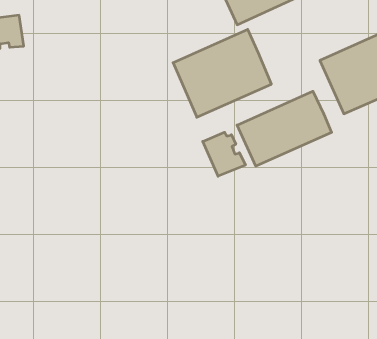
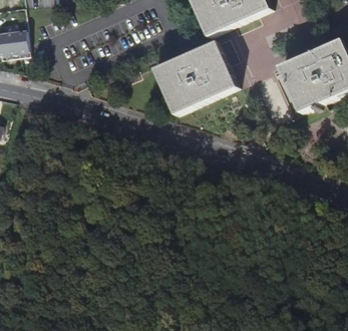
building: [237,91,332,166] -> none
building: [203,132,245,176] -> none

